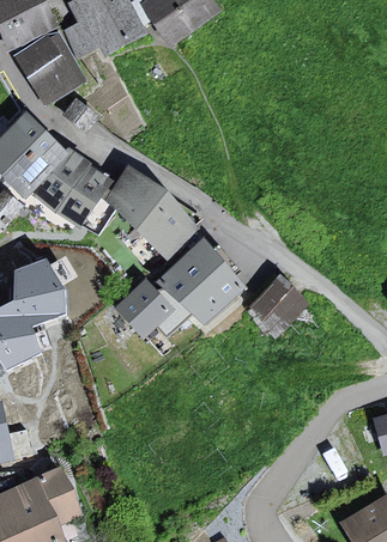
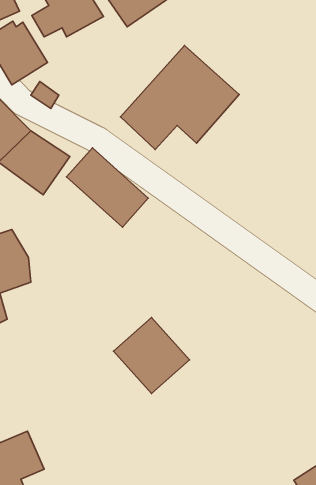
building: none -> [120,46,239,149]
building: [164,245,246,327] -> [114,317,190,394]
building: [119,282,171,336] -> none
building: [250,282,306,336] -> none

